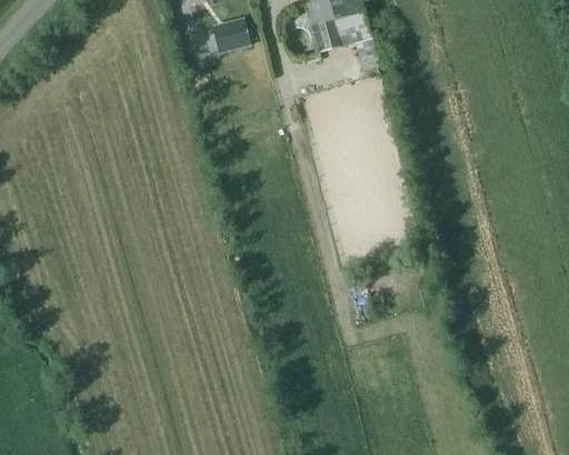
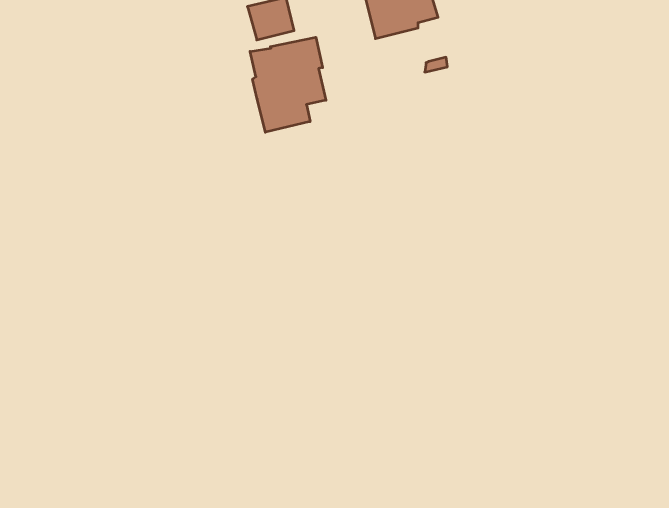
building: none -> [250,37,326,132]

